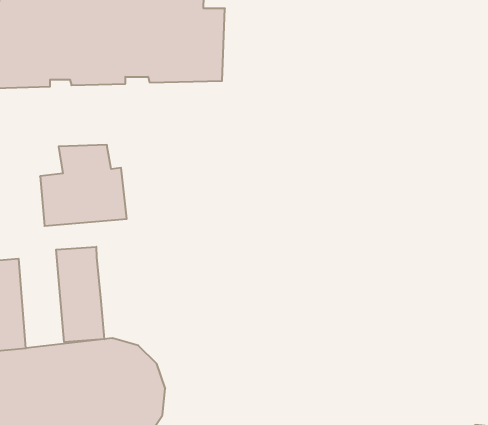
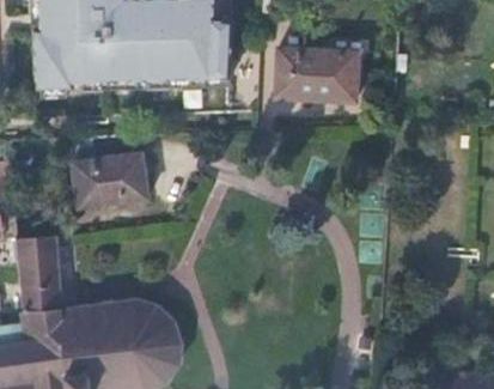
building: none -> [274,48,355,101]
building: [56,247,104,342] -> none

